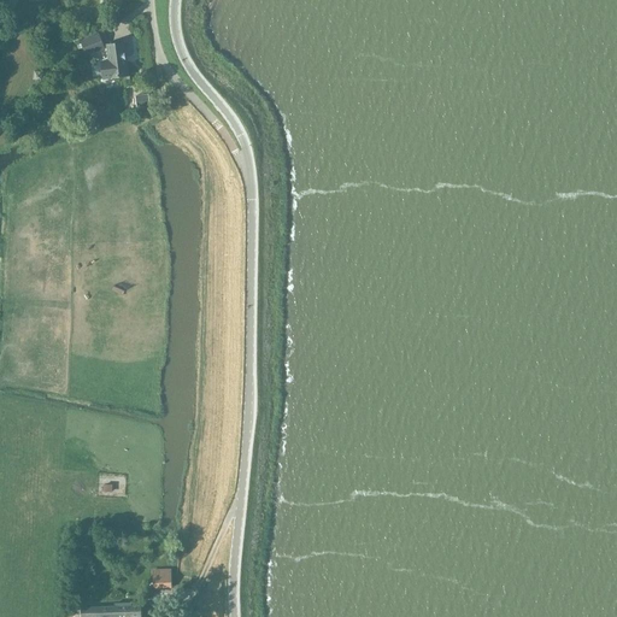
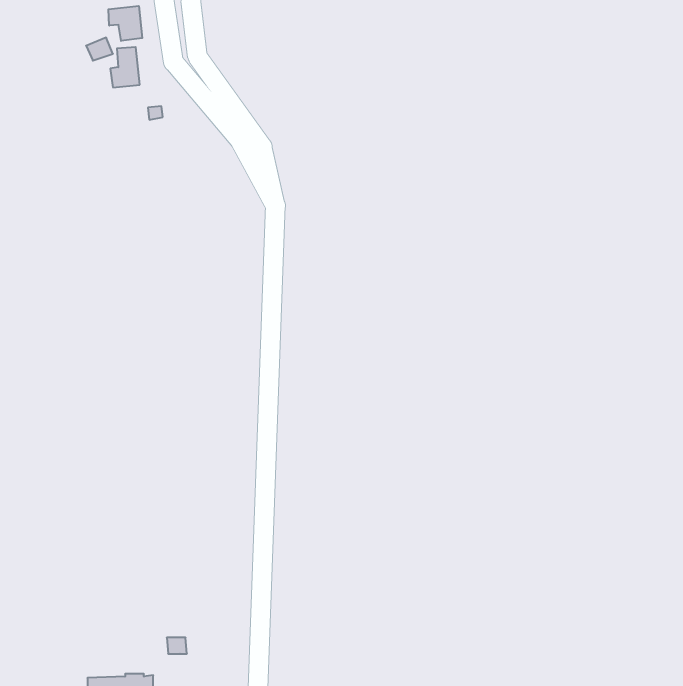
building: none -> [108,6,142,41]

